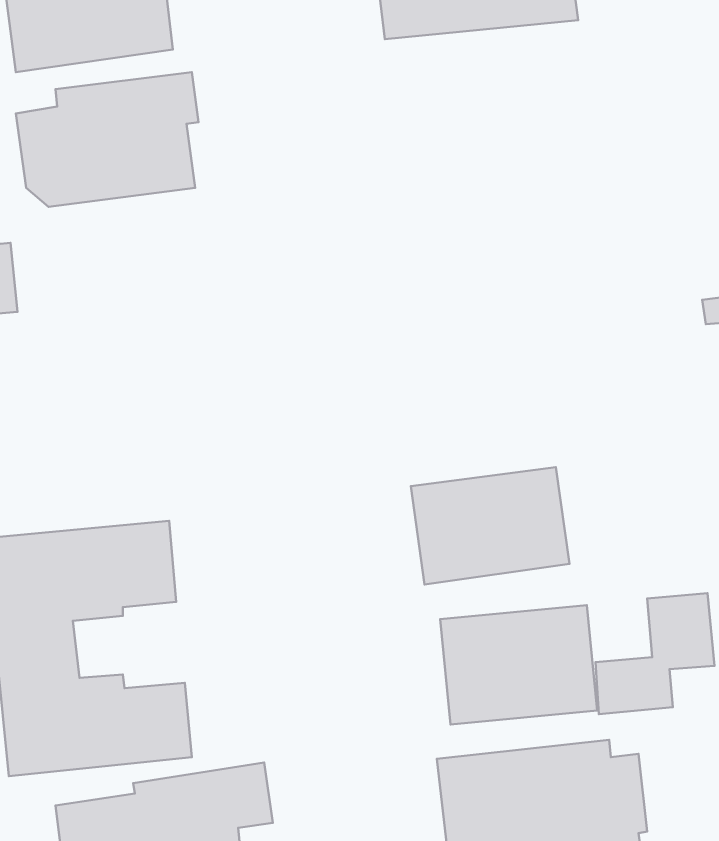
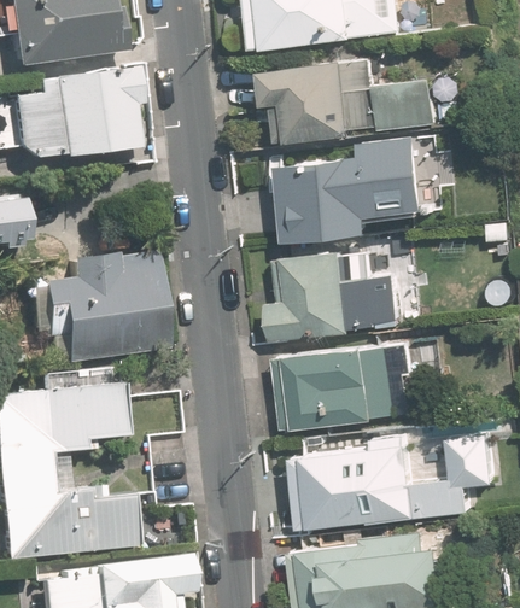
building: none -> [271,57,437,139]
building: none -> [275,148,401,239]
building: none -> [273,245,409,339]
building: none -> [35,255,166,361]

